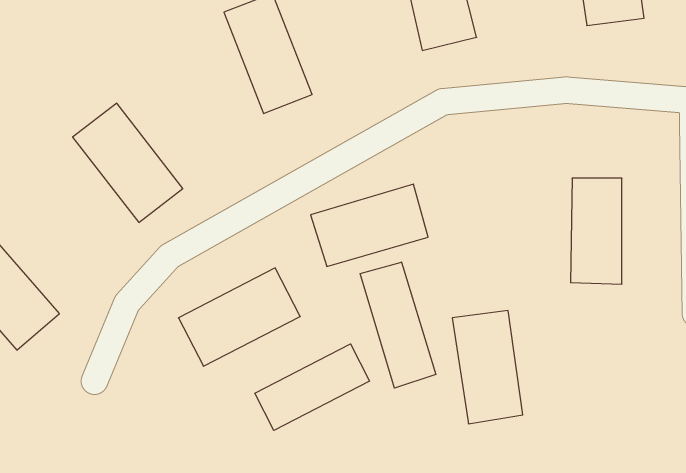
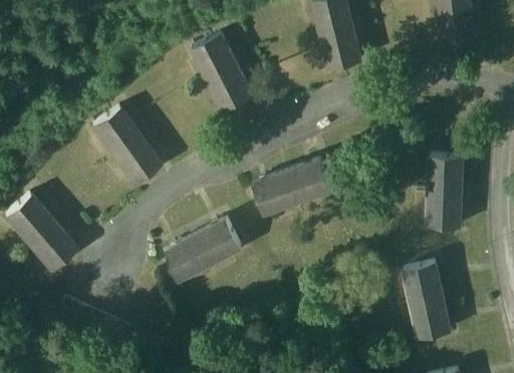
building: [360,262,436,388] -> none
building: [452,311,523,424] -> [402,262,450,339]
building: [255,344,370,430] -> none

